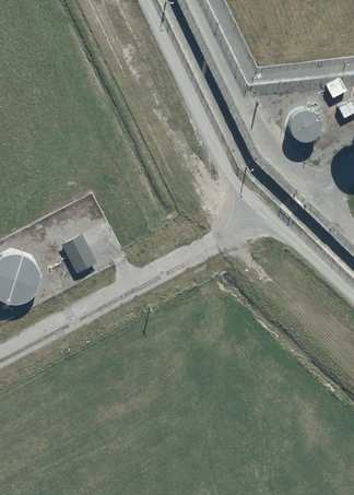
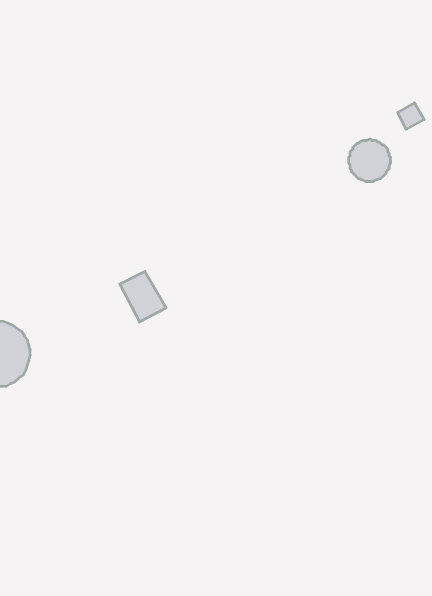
building: [61,233,97,272] -> [120,271,166,322]

